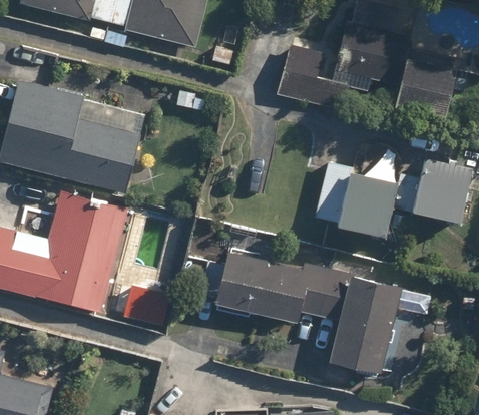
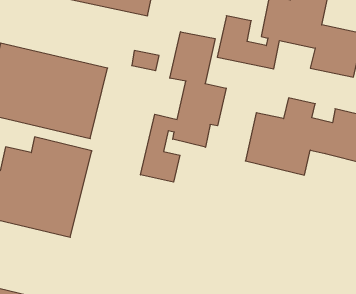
building: none -> [141,32,226,182]
building: [215,250,401,374] -> none

